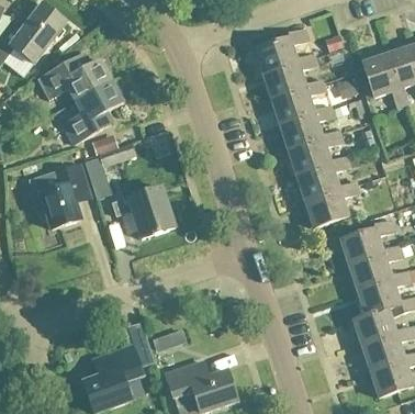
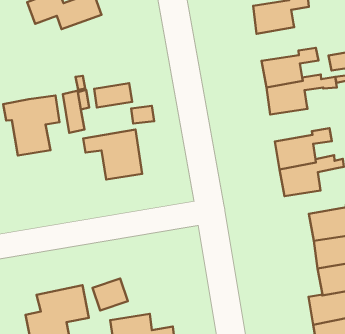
building: [263,53,318,99] -> none
building: [61,79,123,143] -> none
building: [289,130,344,175] -> none

